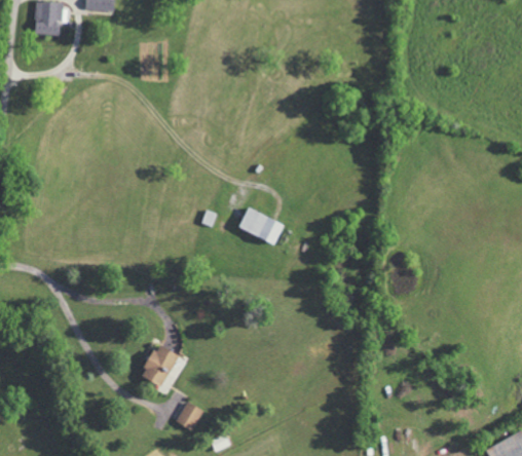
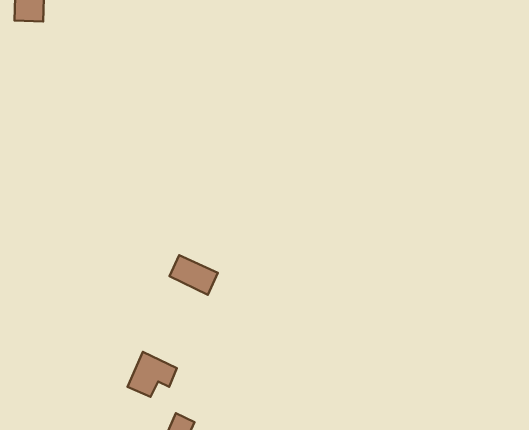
building: [238,207,284,244] -> [169,255,218,295]

